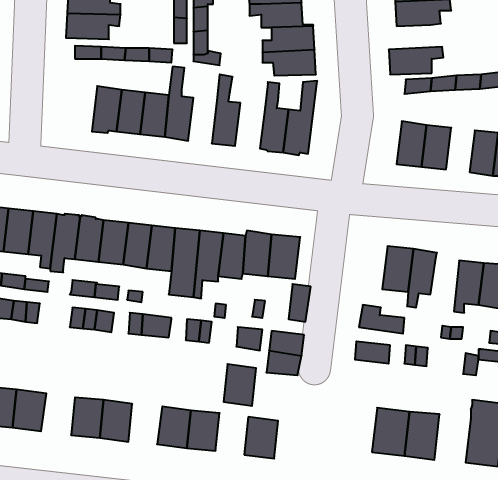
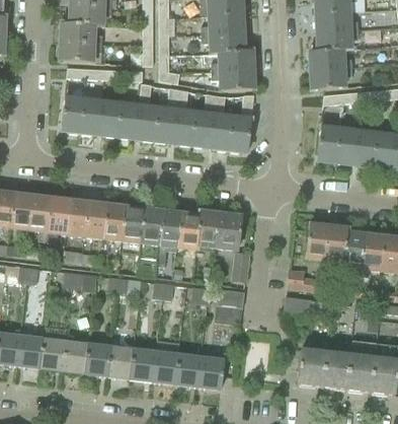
building: none -> [310,51,352,70]
building: none -> [155,88,179,143]
building: none -> [191,94,217,147]
building: none -> [62,96,84,134]
building: none -> [355,131,378,165]
building: none -> [343,232,366,274]
building: [224,364,256,406] -> [176,353,202,385]
building: none -> [41,338,67,370]
building: none -> [346,341,376,392]
building: none -> [108,346,135,377]

